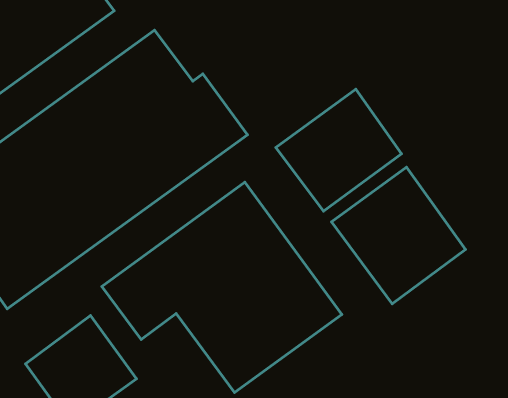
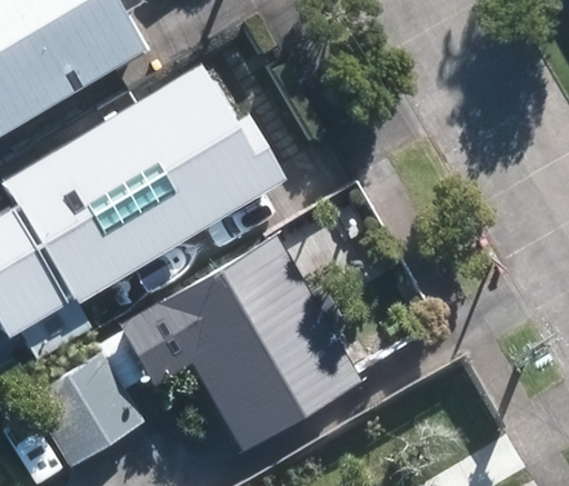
building: [276,89,402,211] -> none
building: [331,167,466,304] -> none

